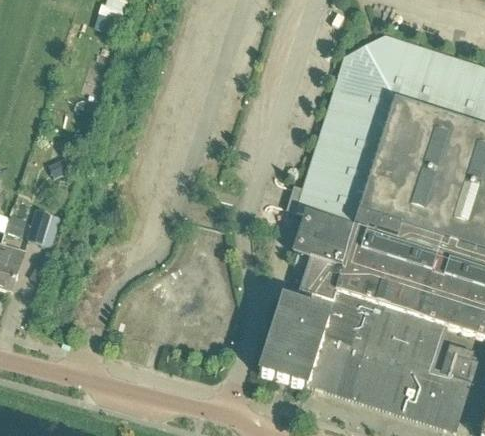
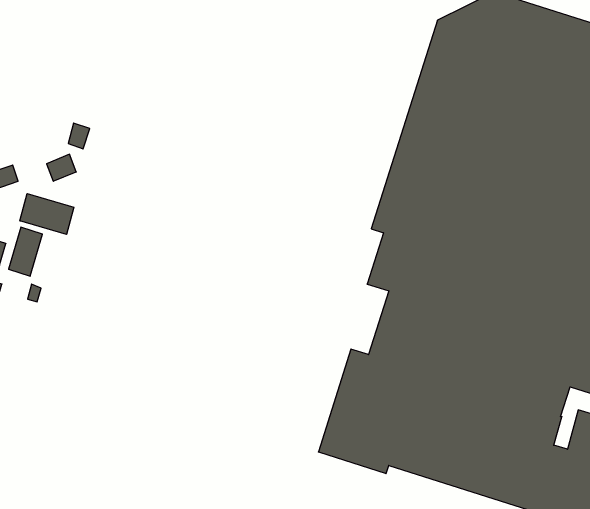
building: none -> [20,194,74,234]

